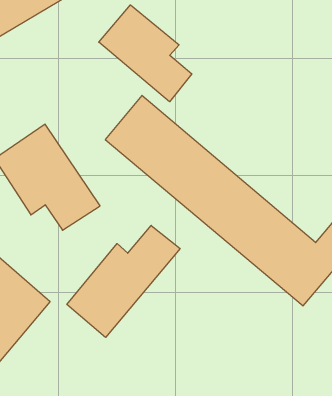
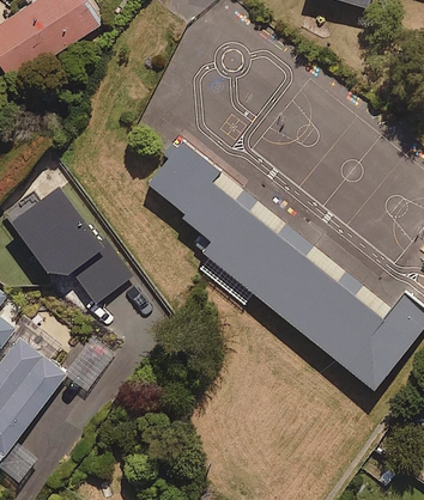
building: [99,5,192,102] -> none
building: [67,225,180,337] -> none

